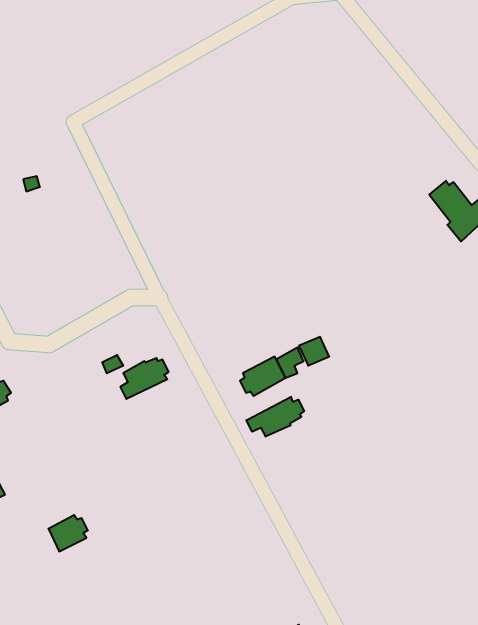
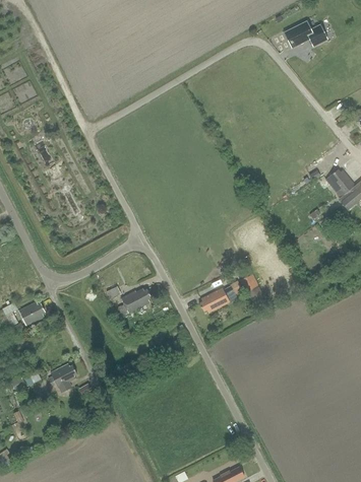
building: [246,397,304,437] -> none
building: [48,515,88,551] -> [51,362,77,387]

